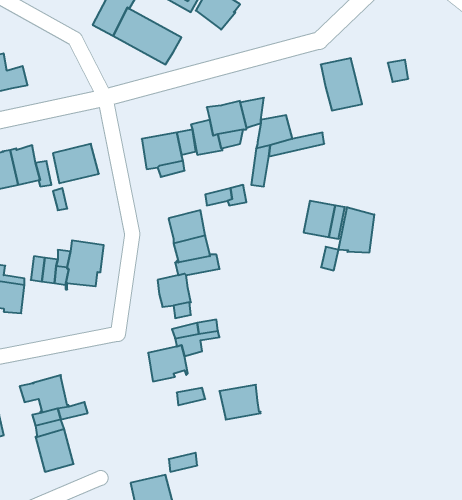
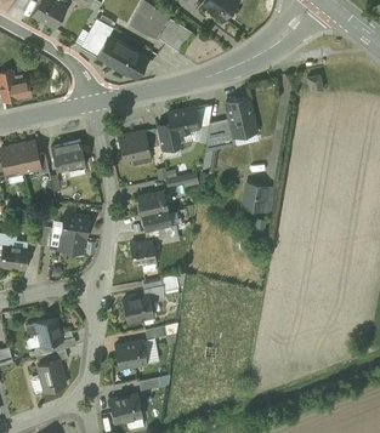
building: [321,58,362,111] -> [225,96,256,136]
building: [339,207,374,253] -> none
building: [219,385,261,420] -> [114,341,146,368]

